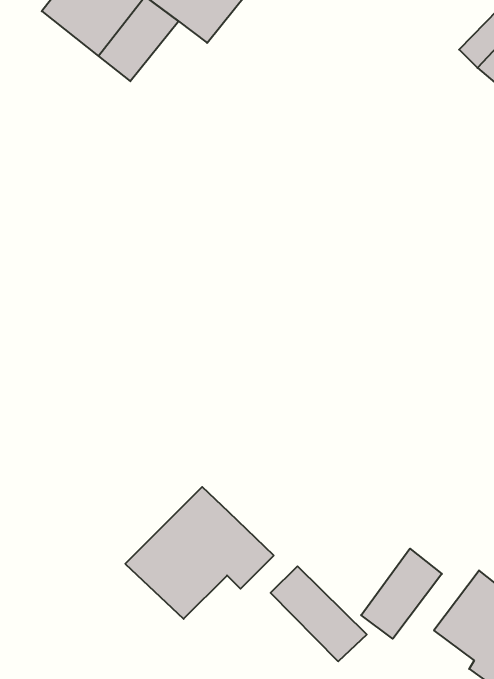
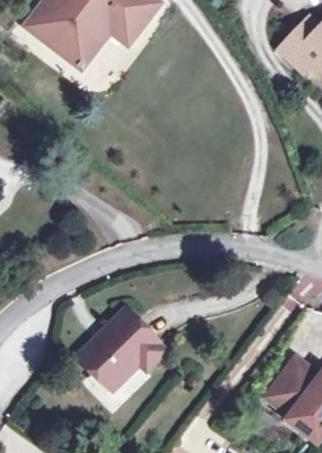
building: [361,549,442,639] -> none
building: [271,566,367,661] -> none

